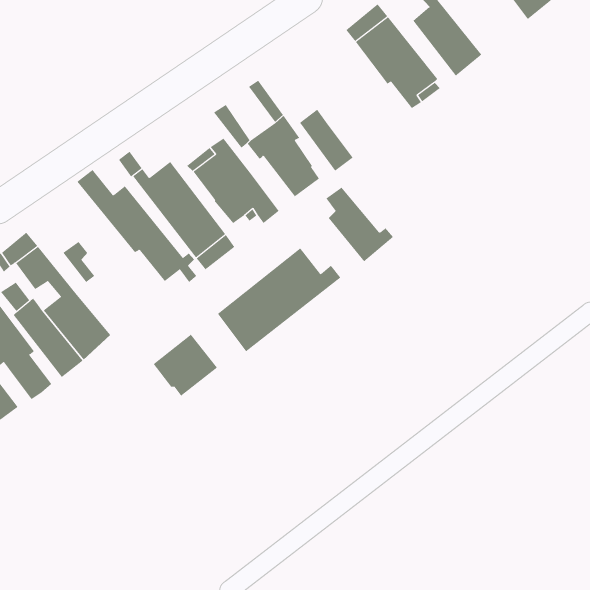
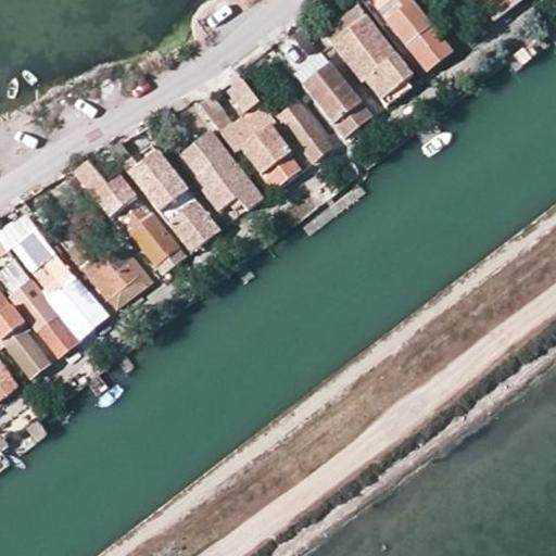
building: [325,187,394,262] -> [307,67,371,138]
building: [217,247,341,352] -> none
building: [153,334,218,397] -> [90,249,151,307]

